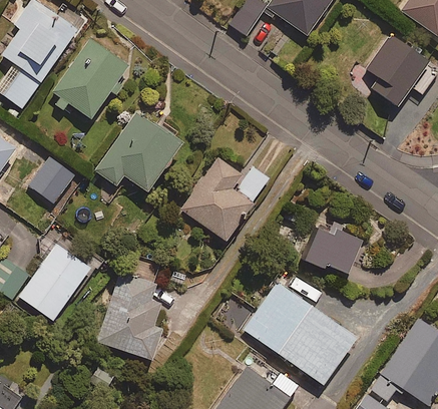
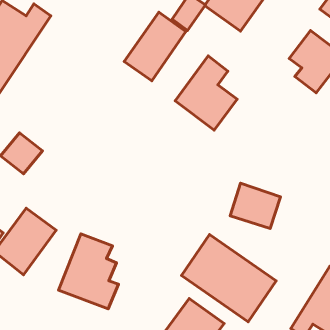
building: none -> [124,12,186,81]
building: [48,41,129,121] -> none
building: [95,115,183,195] -> none
building: [181,156,255,244] -> [175,56,237,130]

